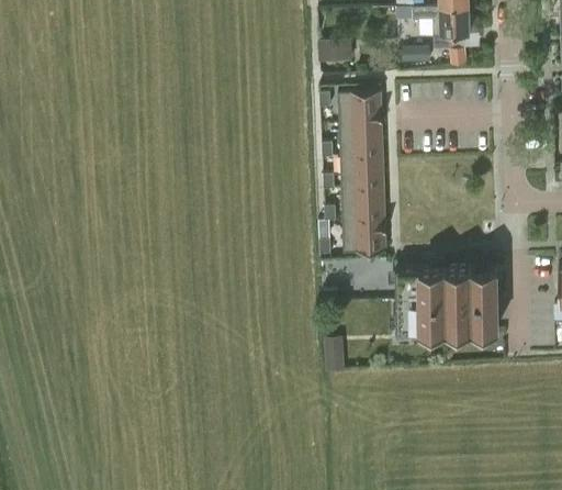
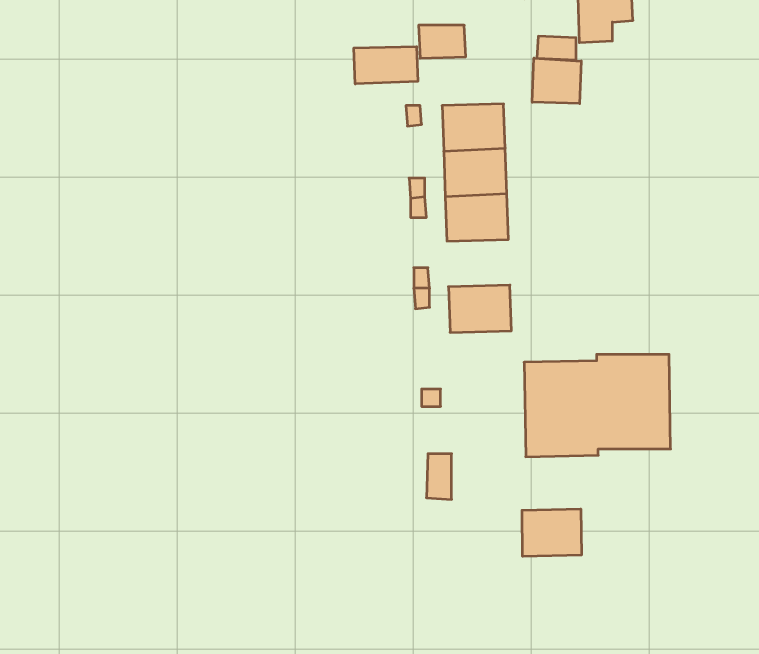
building: none -> [354,47,418,84]
building: none -> [532,58,581,104]
building: [341,189,385,222] -> none
building: none -> [522,509,581,556]

